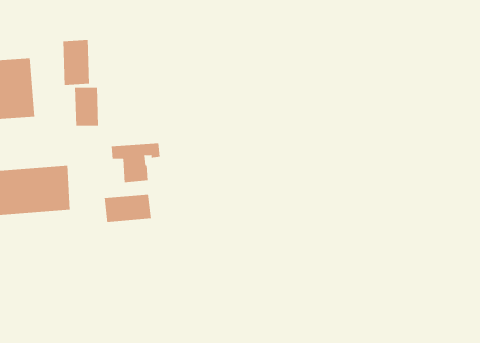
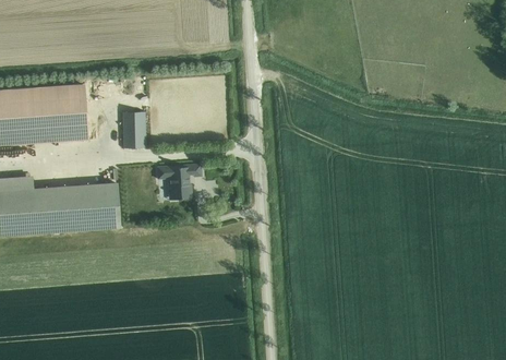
building: [63,39,90,86] -> none
building: [104,194,152,223] -> none

